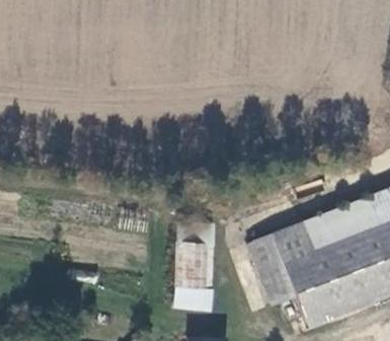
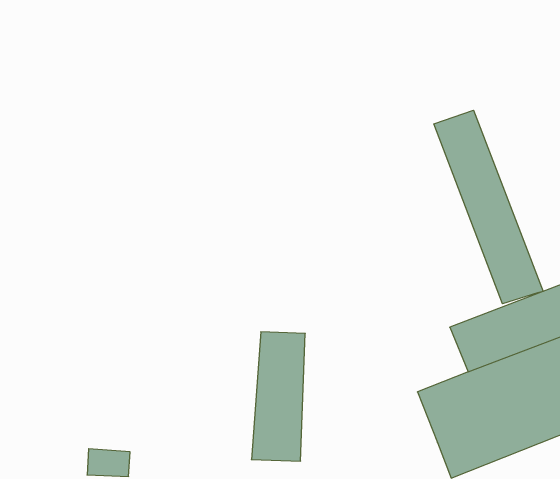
building: none -> [434,110,543,304]
building: [250,221,316,305] -> none

